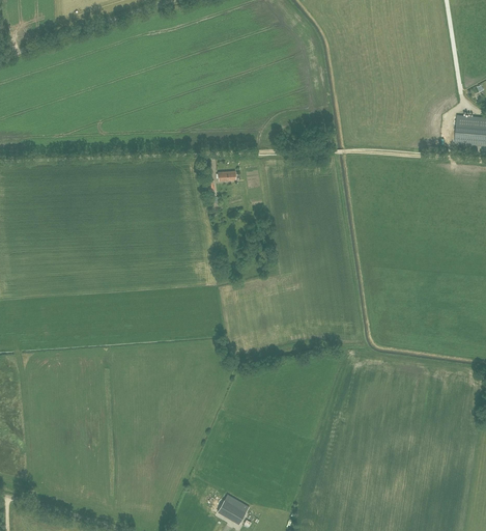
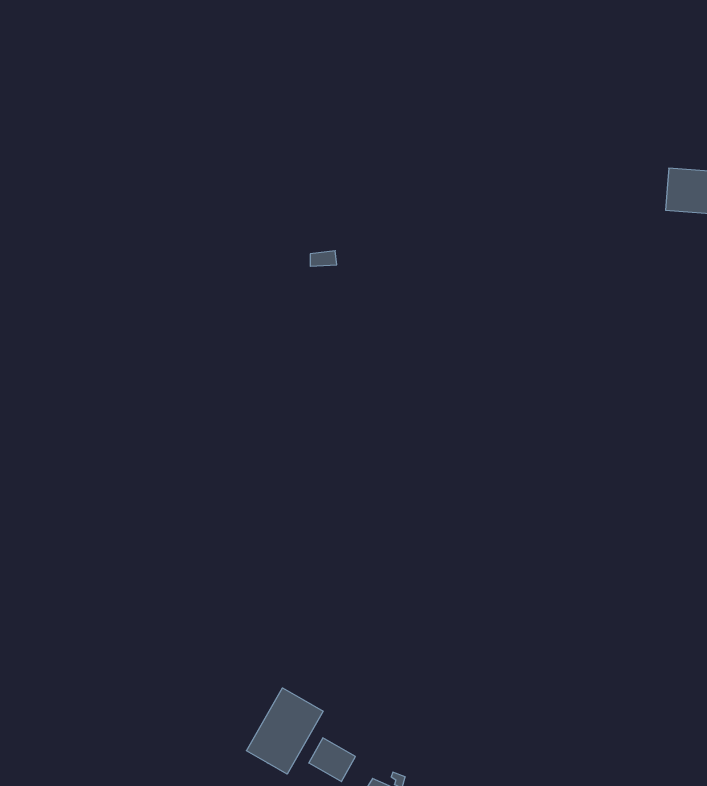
building: none -> [246,688,323,774]

